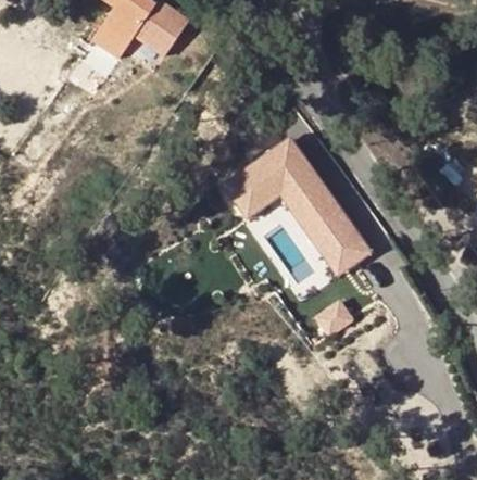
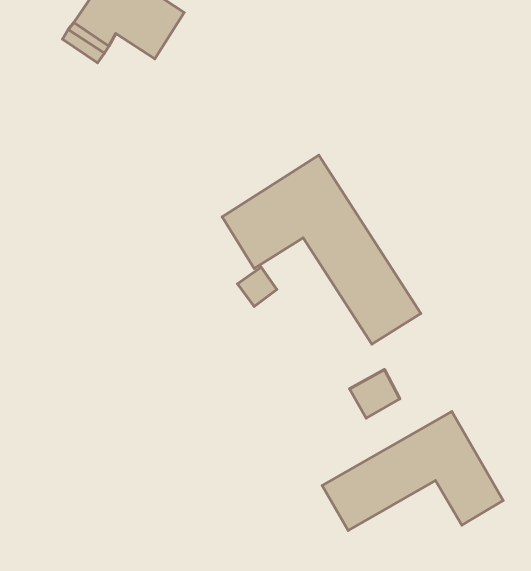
building: none -> [322,411,503,530]

